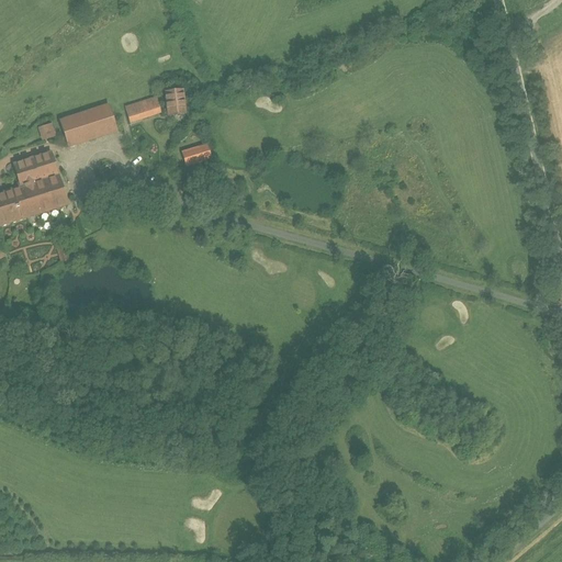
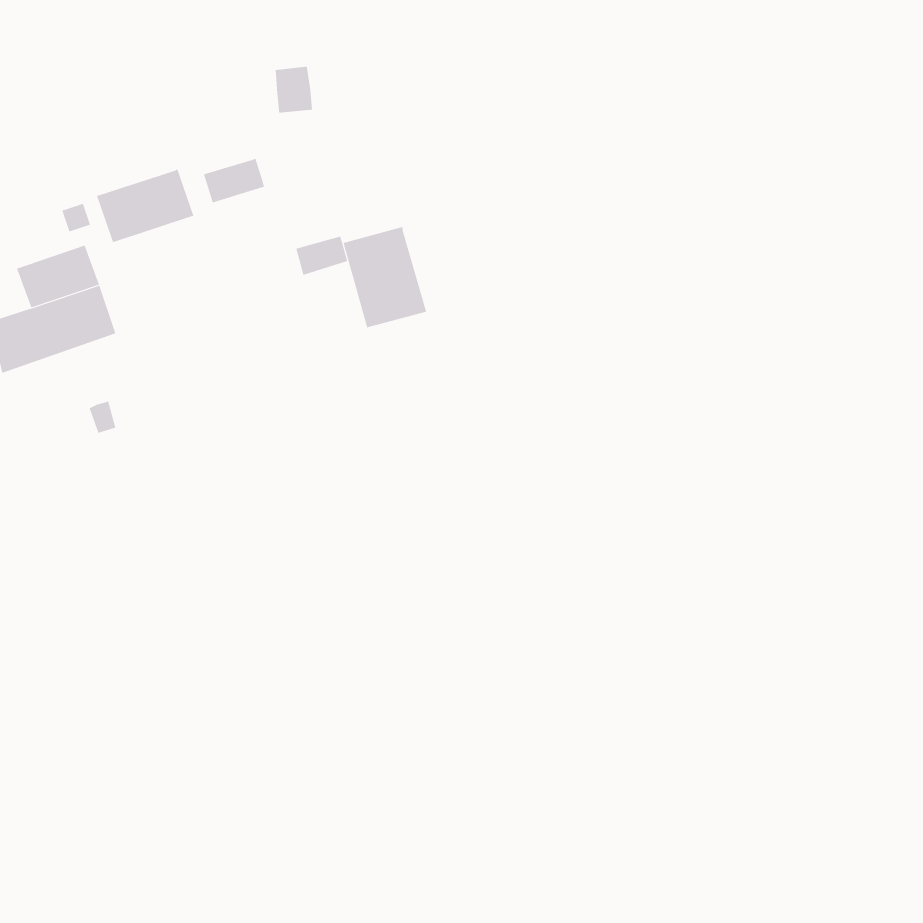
building: [165,88,188,116] -> [275,66,313,113]
building: none -> [343,226,427,328]

